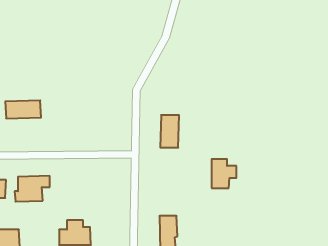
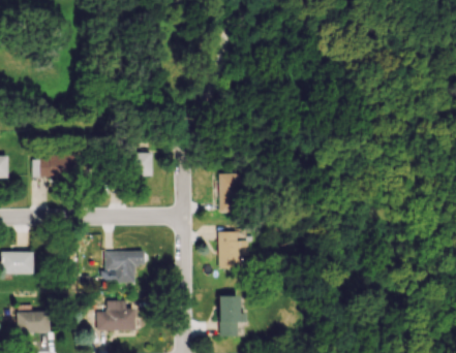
building: none -> [132,153,152,176]
building: [212,159,236,188] -> [219,232,249,267]
building: [15,176,50,202] -> [101,251,144,282]

